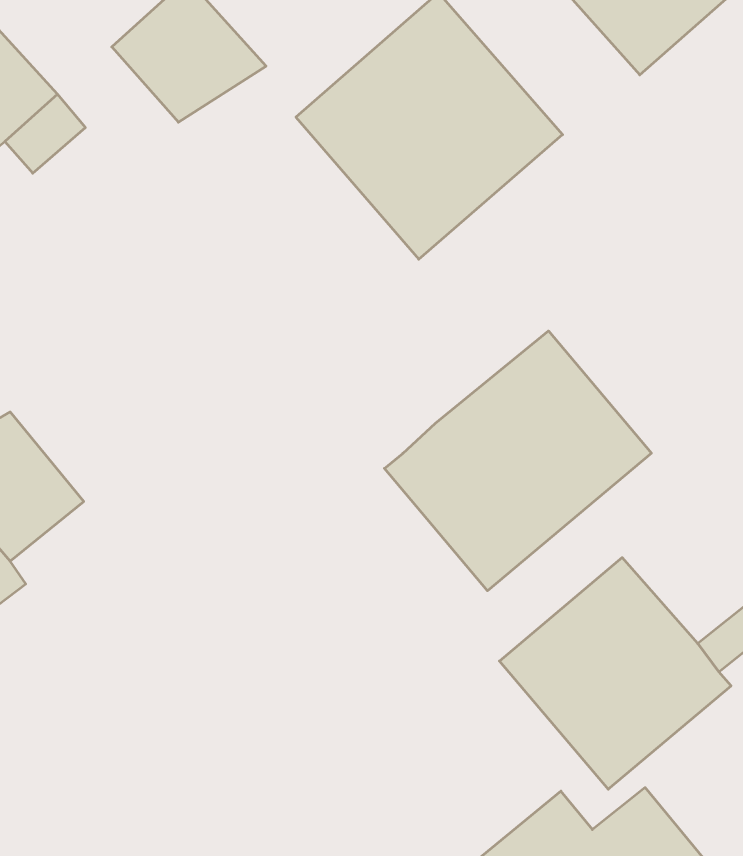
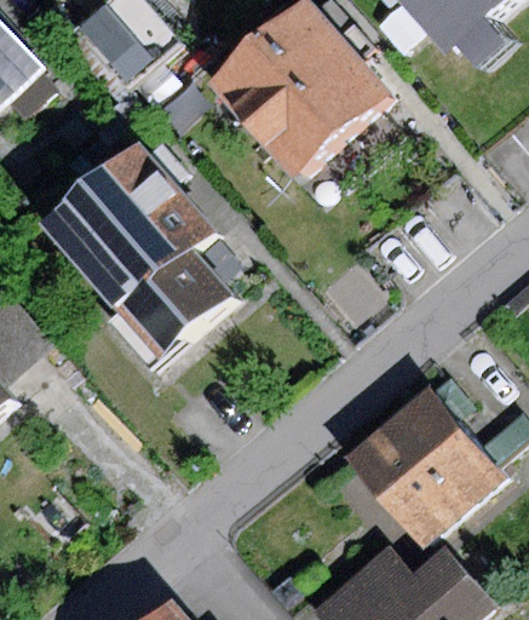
building: none -> [38,138,228,358]
building: [384,331,651,591] -> none

